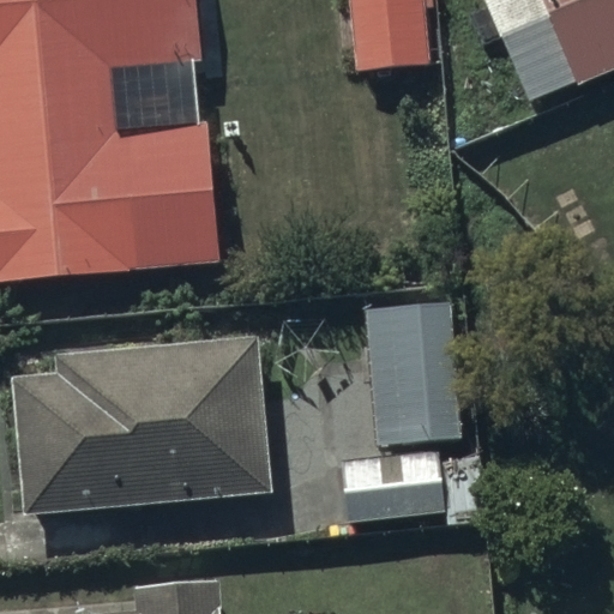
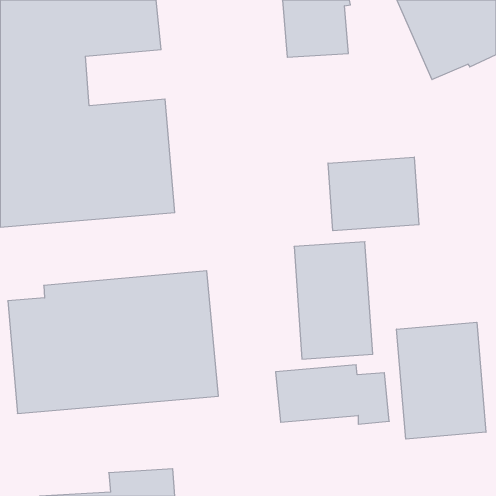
building: none -> [328,157,419,231]
building: none -> [397,322,486,439]

